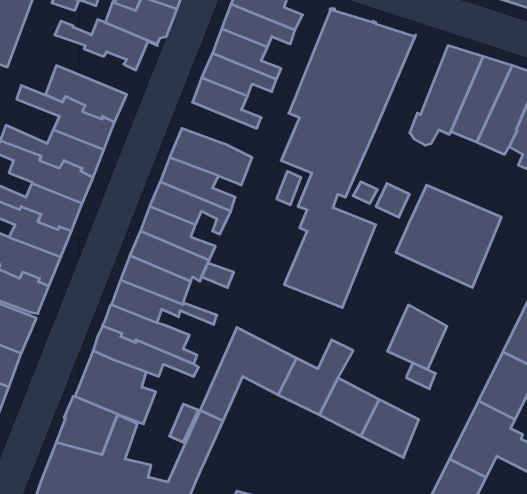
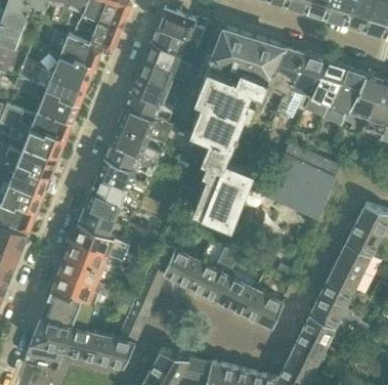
building: none -> [260,44,303,98]
building: none -> [45,47,94,84]
building: none -> [125,89,175,118]
building: [388,305,447,369] -> none

